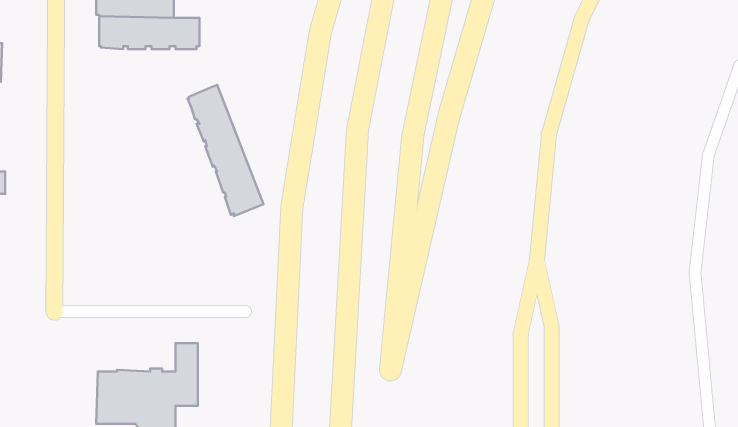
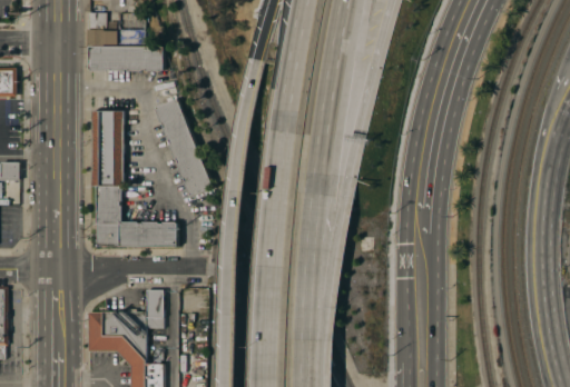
building: none -> [91,111,177,247]

